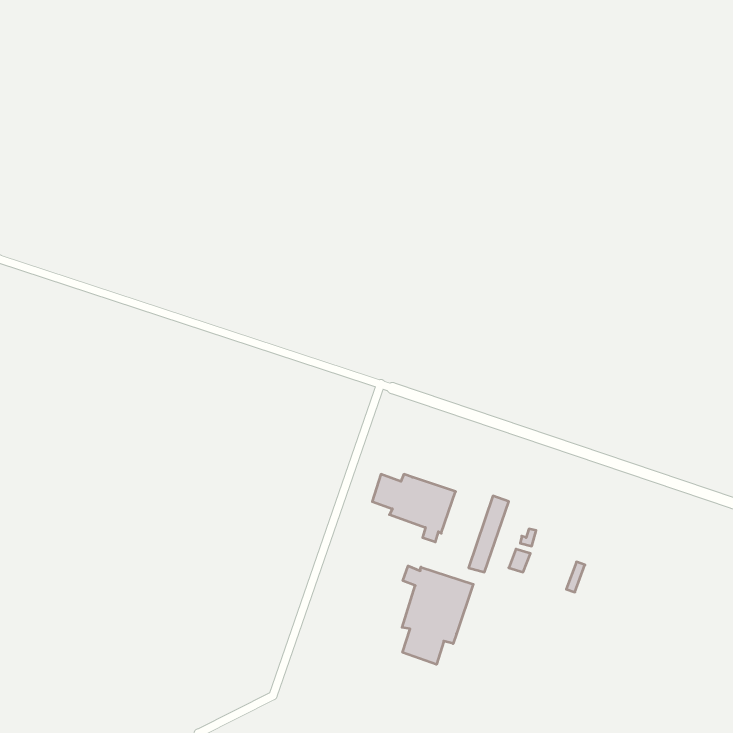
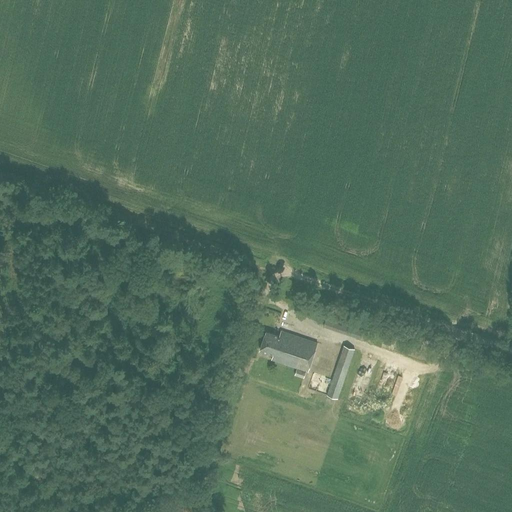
building: [402,566,473,664] -> none

